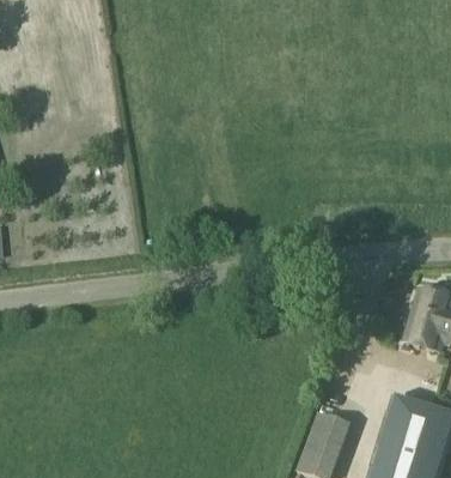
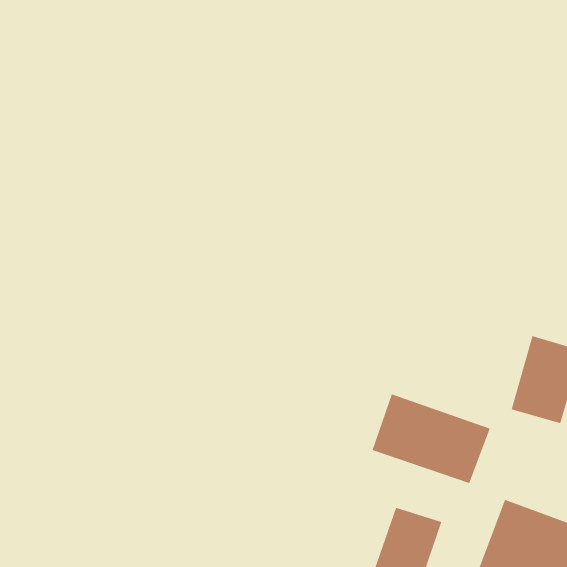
building: none -> [372,393,491,484]

